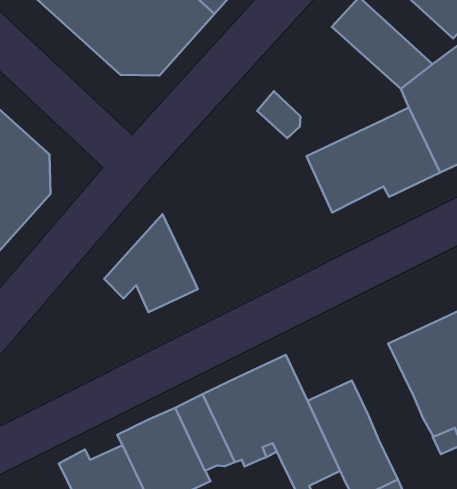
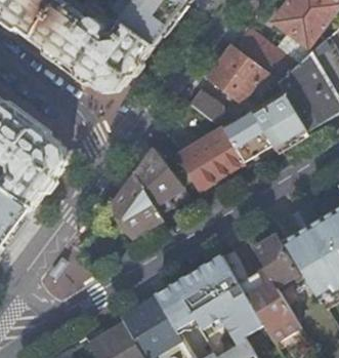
building: none -> [207,46,283,102]
building: none -> [178,125,241,189]
building: none -> [134,149,182,212]
building: none -> [252,236,298,288]

